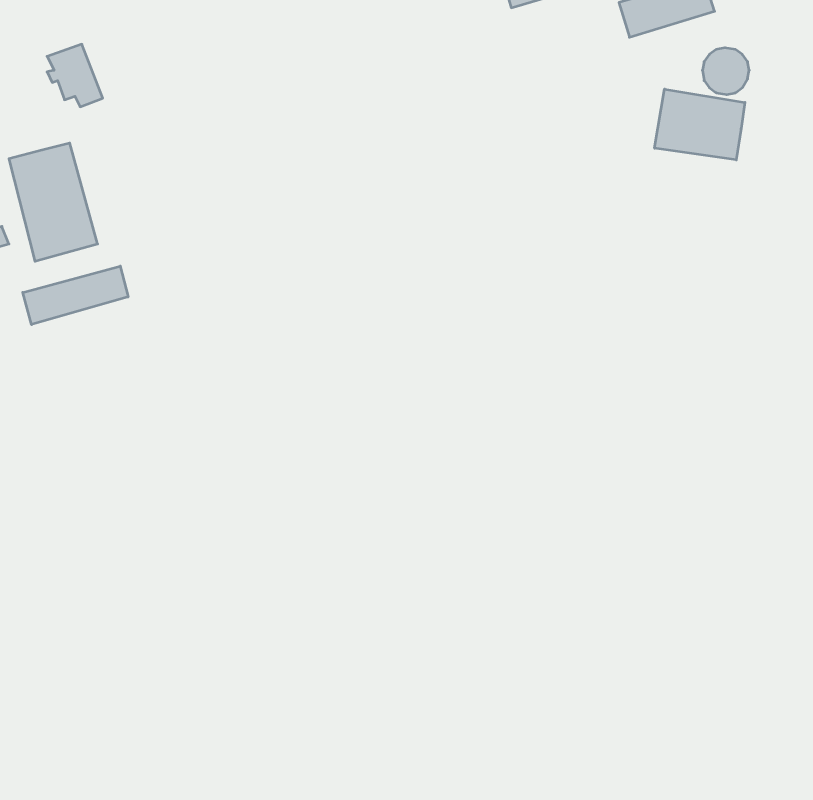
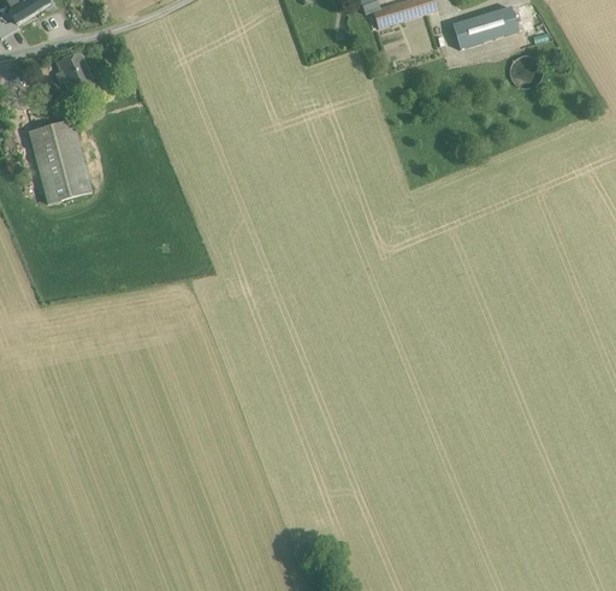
building: [655,89,745,160] -> none
building: [23,266,128,325] -> none

